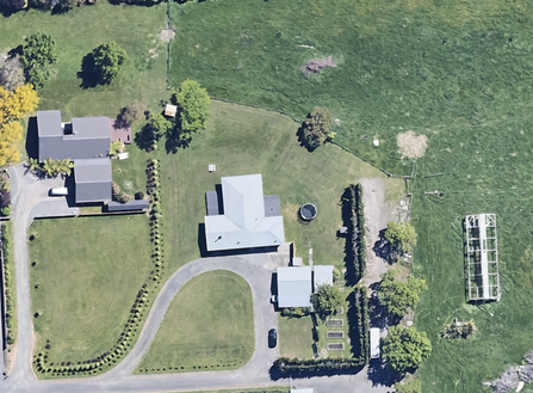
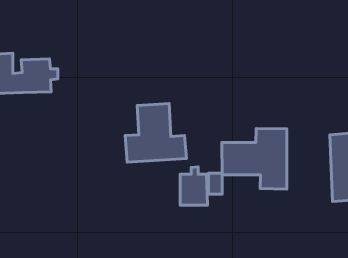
building: [72,158,110,199] -> none
building: none -> [222,129,287,189]

